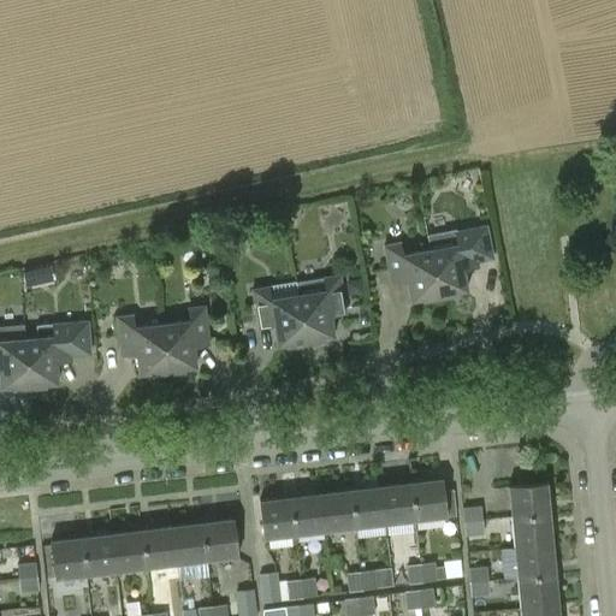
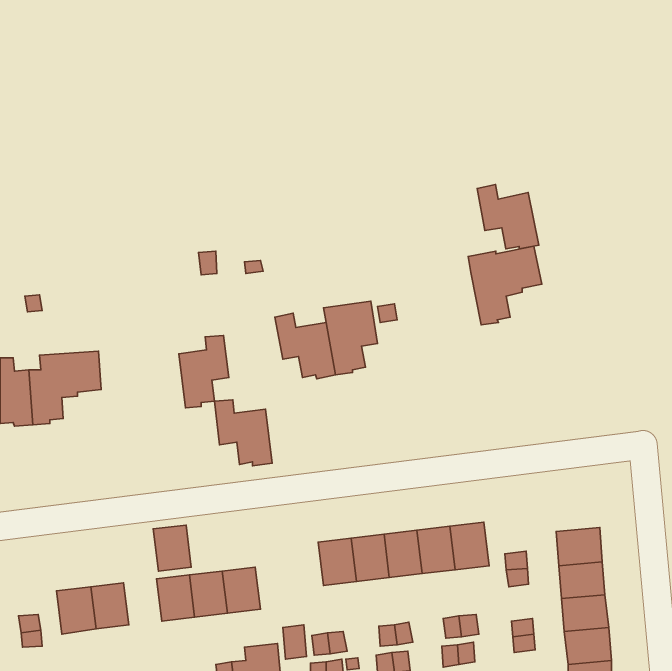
building: [384,243,440,302] -> [477,185,539,249]
building: [117,316,170,377] -> [214,400,272,466]
building: [260,497,296,540] -> none
building: [113,531,148,573] -> [153,525,191,571]

